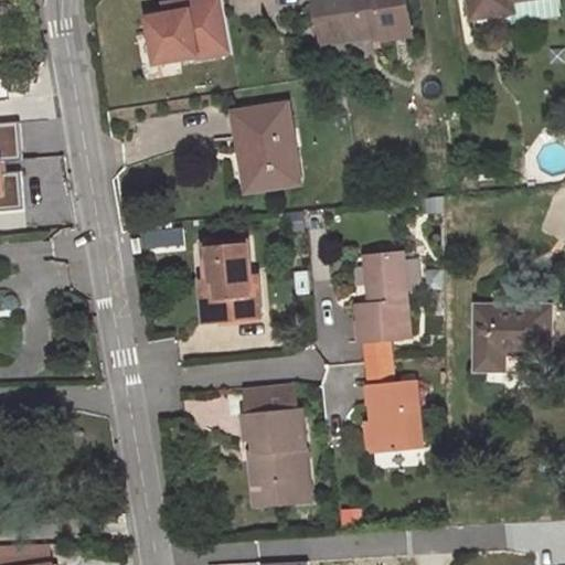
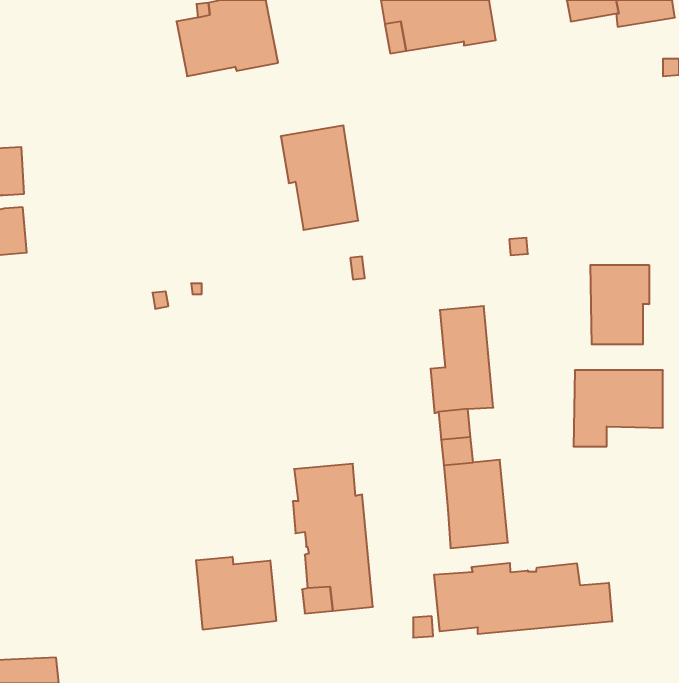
building: none -> [590,265,649,344]
building: [199,241,259,321] -> none
building: none -> [196,557,276,630]
building: none -> [434,563,612,634]

